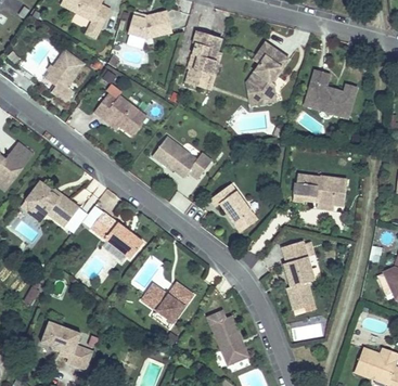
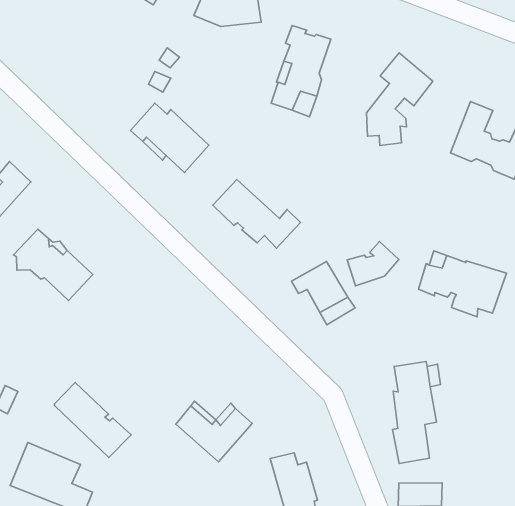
building: [44,50,84,103] -> none
building: none -> [347,241,399,286]
building: [91,213,143,259] -> [54,383,131,458]

